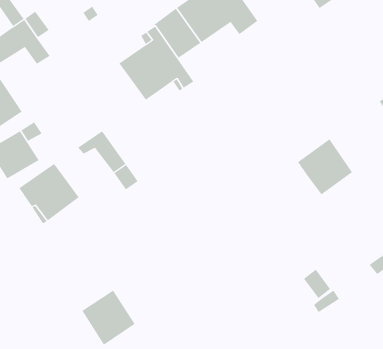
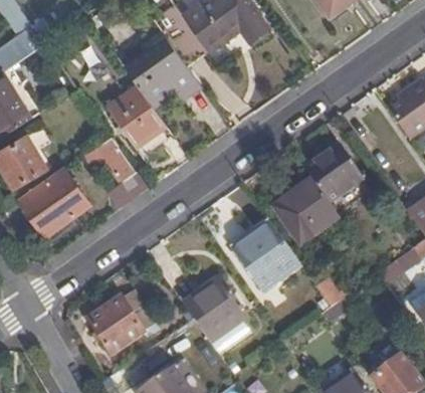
building: none -> [107,84,166,147]
building: none -> [277,182,340,244]
building: none -> [233,220,298,286]
building: none -> [184,279,246,342]

